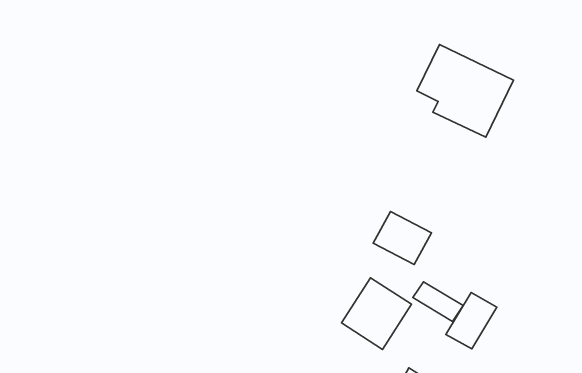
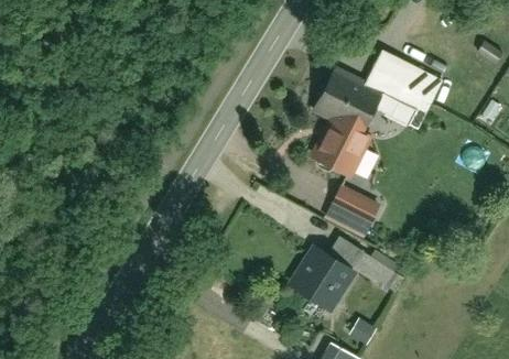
building: none -> [307,72,381,177]
building: [446,292,497,349] -> none

